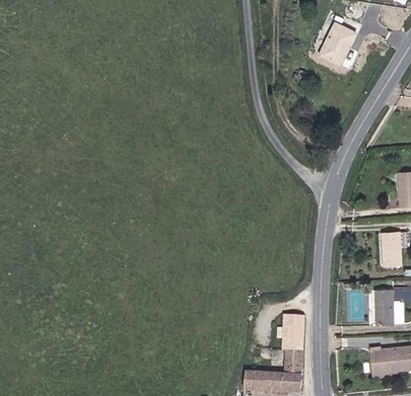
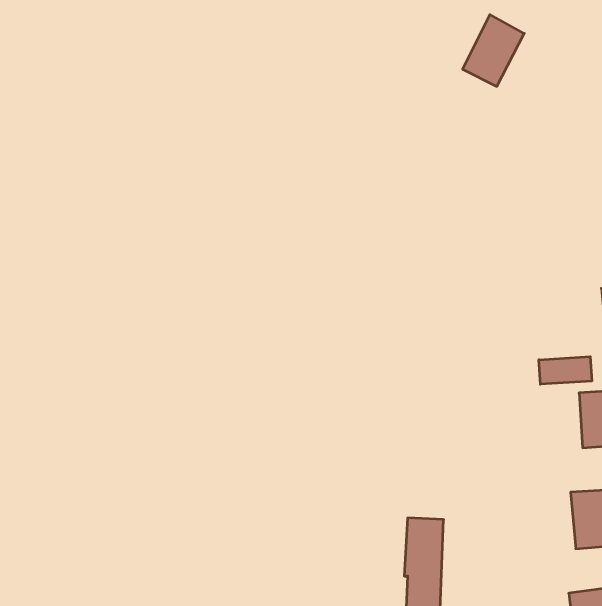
building: none -> [539,357,592,384]

